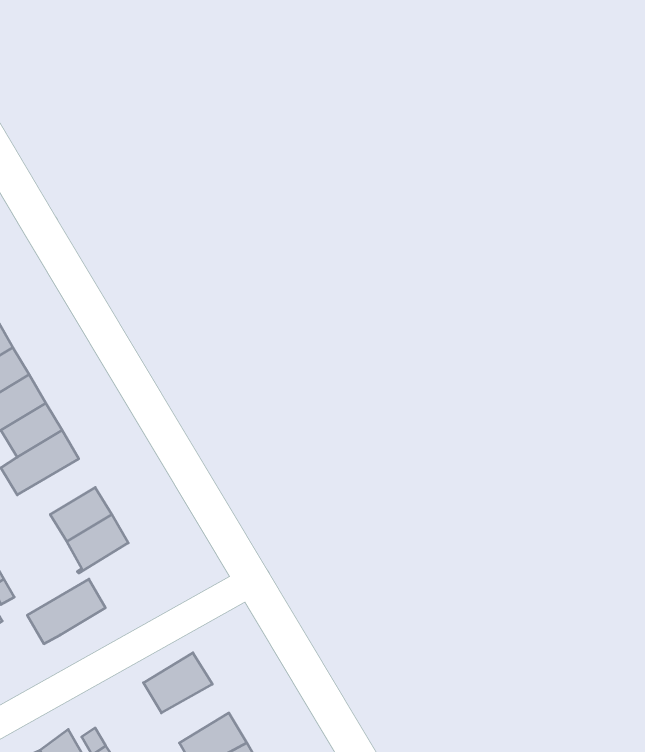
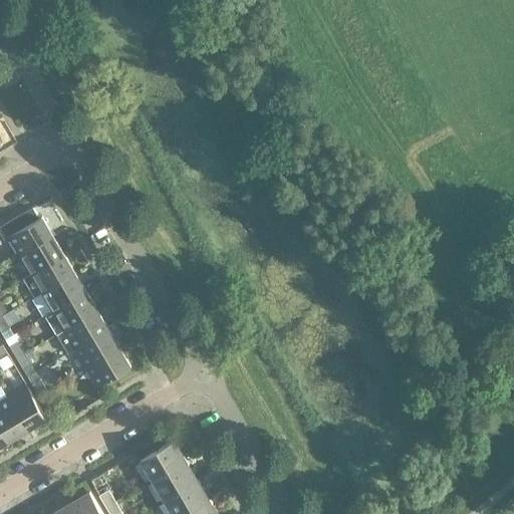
building: [27,579,105,644] -> [55,312,107,355]
building: none -> [152,463,197,502]

